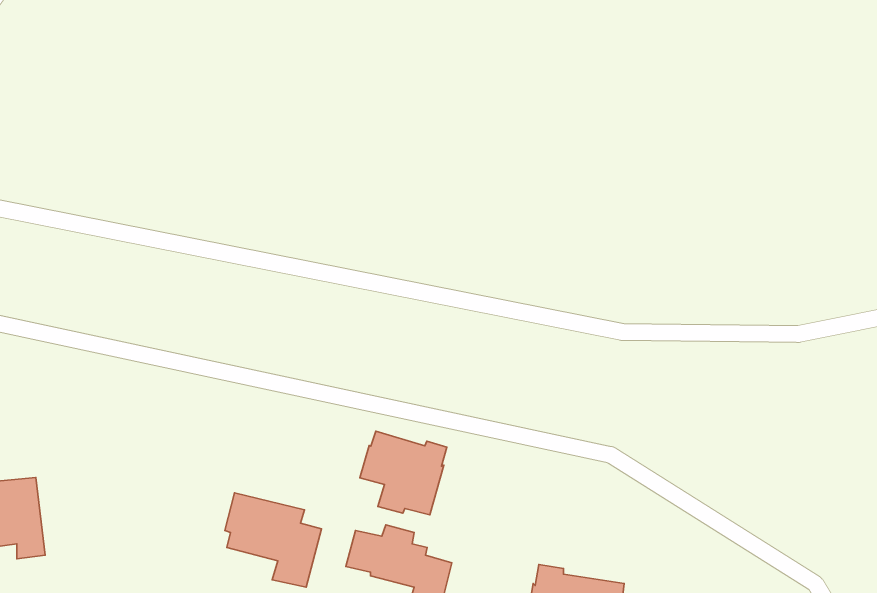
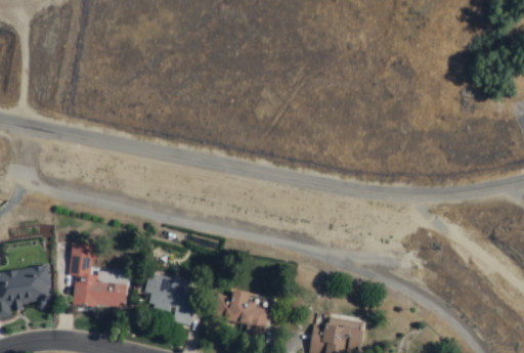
building: [360,431,447,515] -> none
building: none -> [68,244,126,307]

